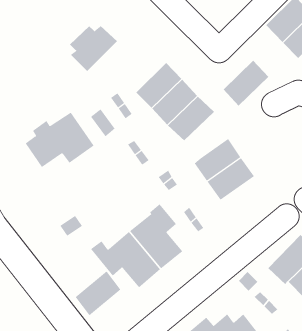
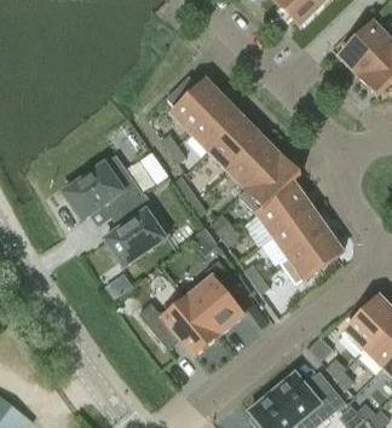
building: [69,25,118,72] -> [169,80,225,133]
building: [223,60,269,106] -> [246,155,299,208]
building: none -> [104,192,169,266]
building: none -> [278,229,342,285]
building: [75,270,121,316] -> none

